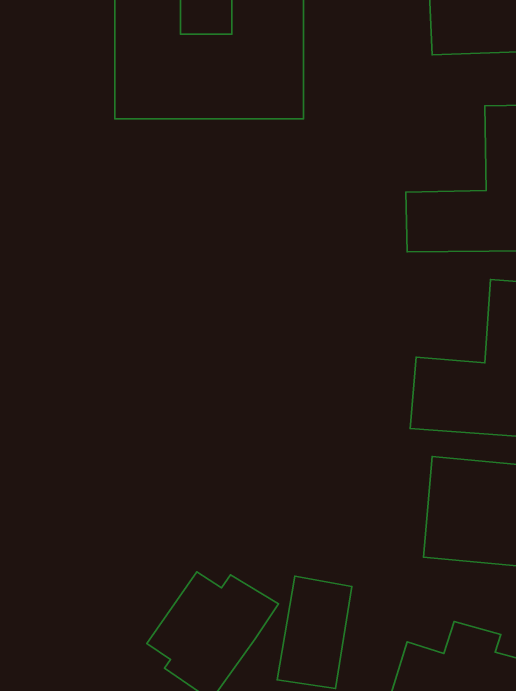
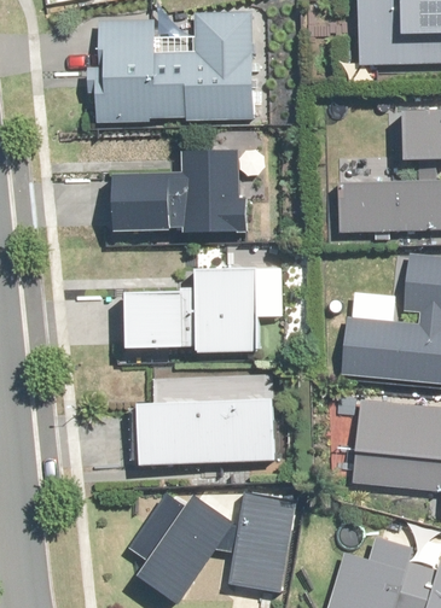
building: none -> [114,147,263,232]
building: none -> [124,267,283,353]
building: none -> [138,398,274,463]

